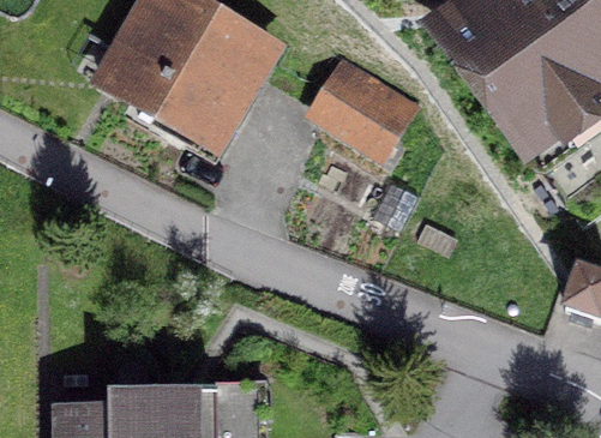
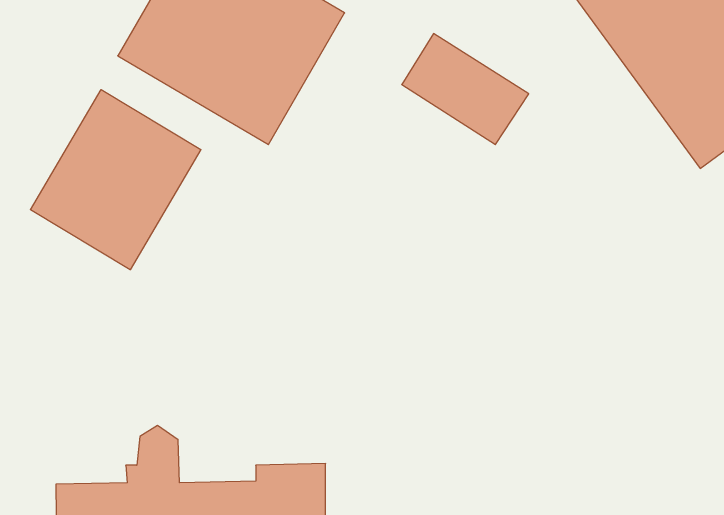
building: none -> [30,90,201,270]

